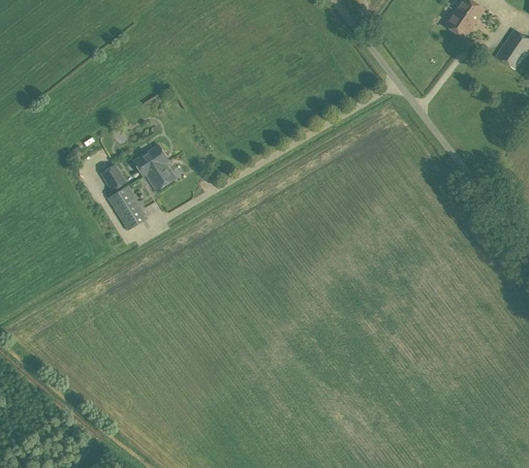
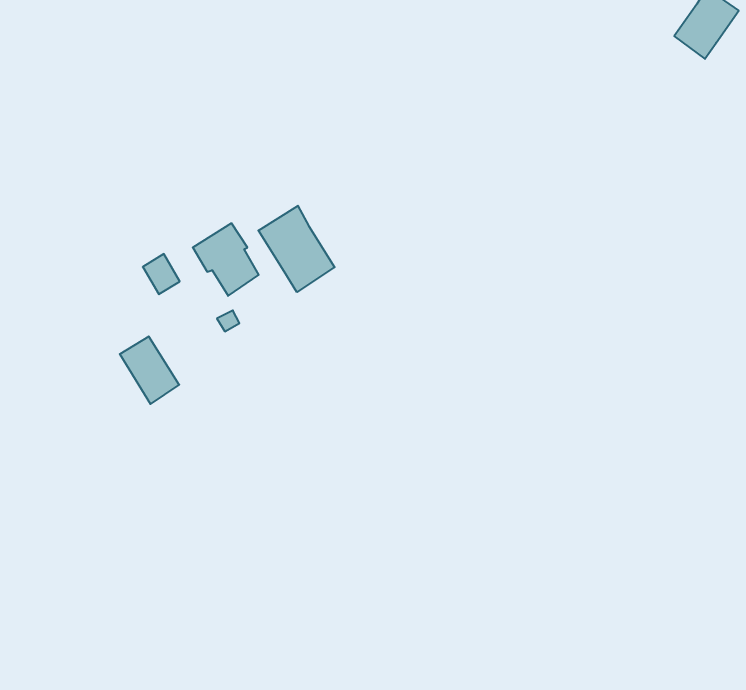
building: none -> [258,206,335,292]
building: [108,186,147,229] -> [120,336,179,404]

